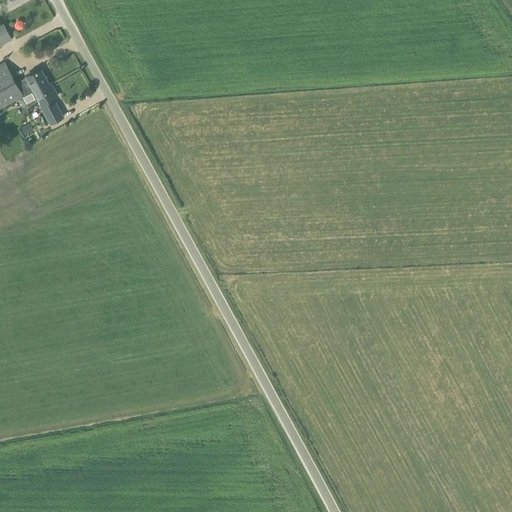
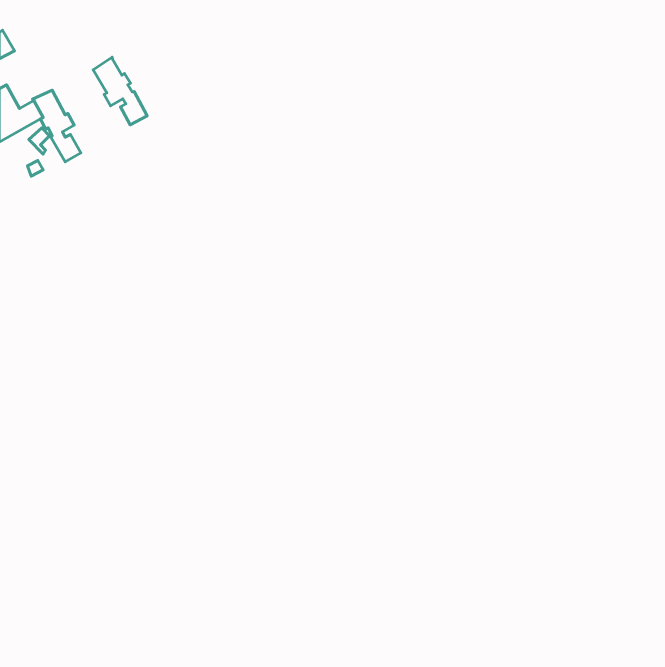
building: none -> [93,57,147,125]

